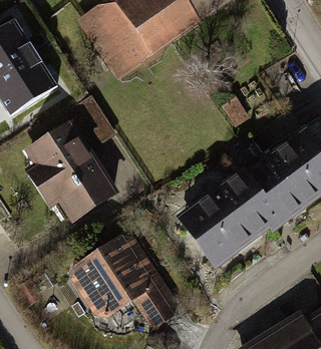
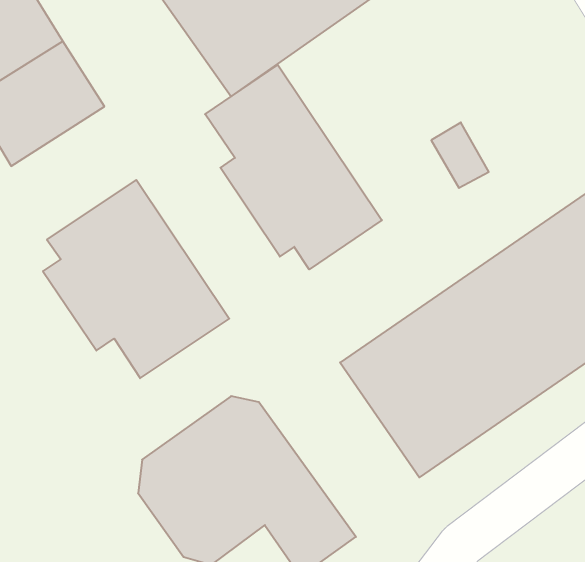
building: none -> [205,65,382,269]

